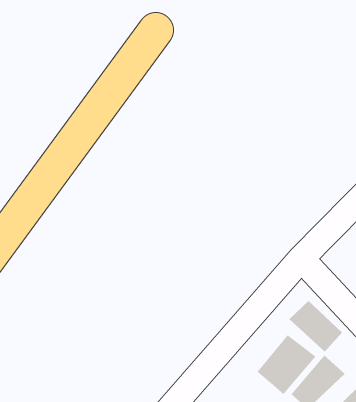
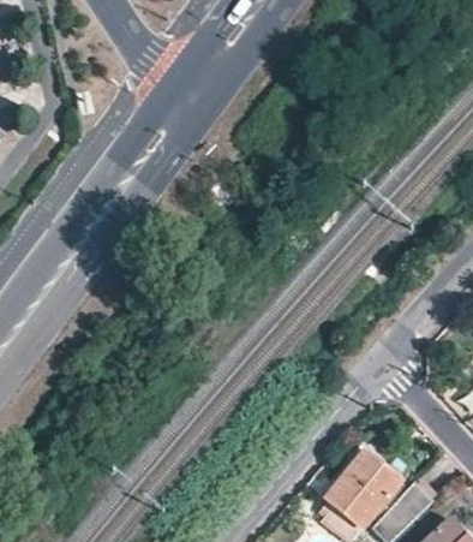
building: [288,300,343,352] -> none

